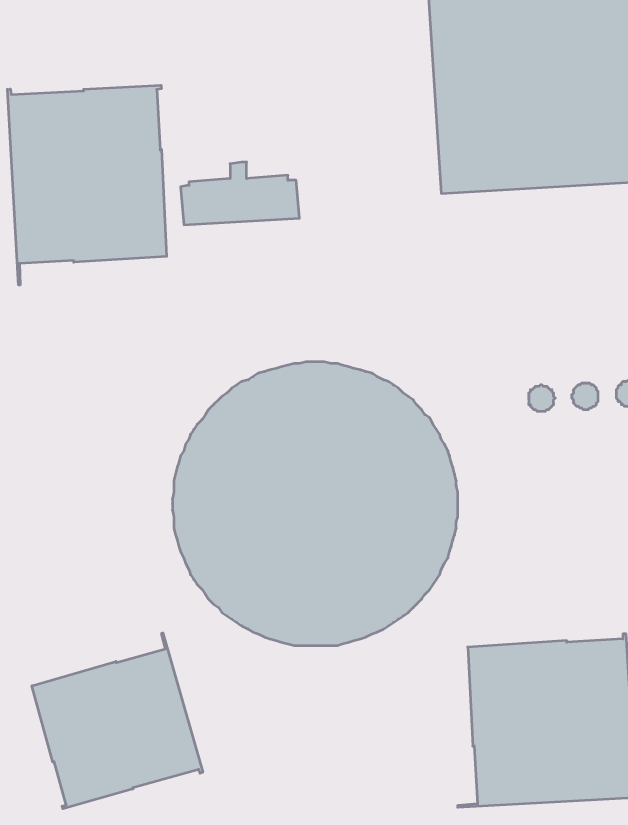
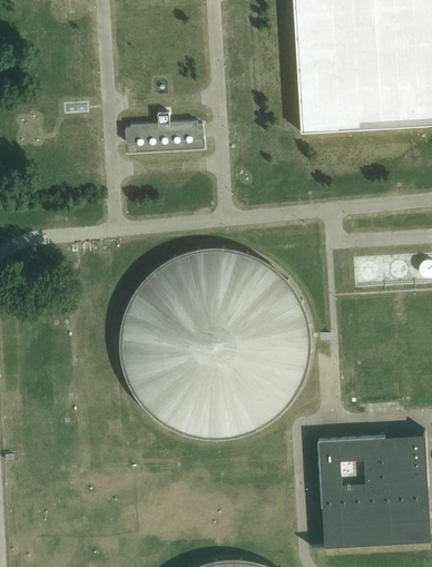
building: [7,85,167,285] -> none
building: [32,633,203,809] -> none

